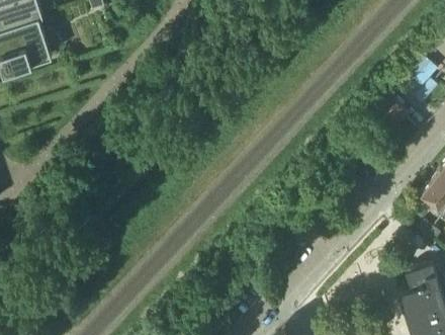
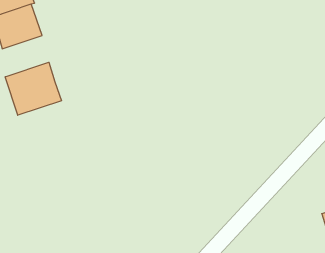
building: none -> [5,62,61,115]

